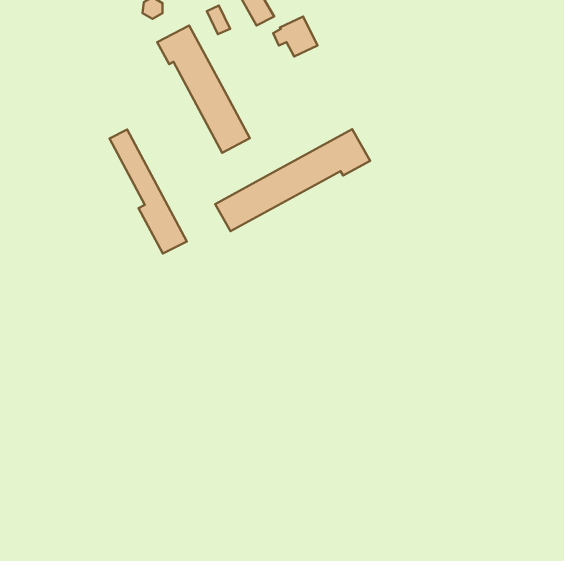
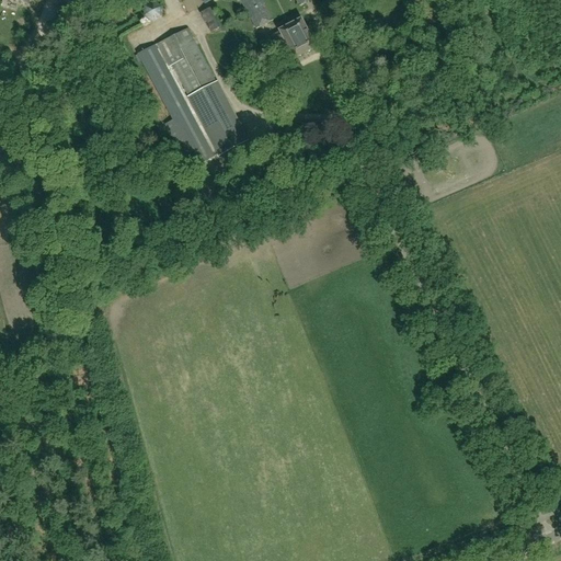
building: [215,129,370,231] -> none
building: [110,130,187,254] -> [136,43,213,165]

